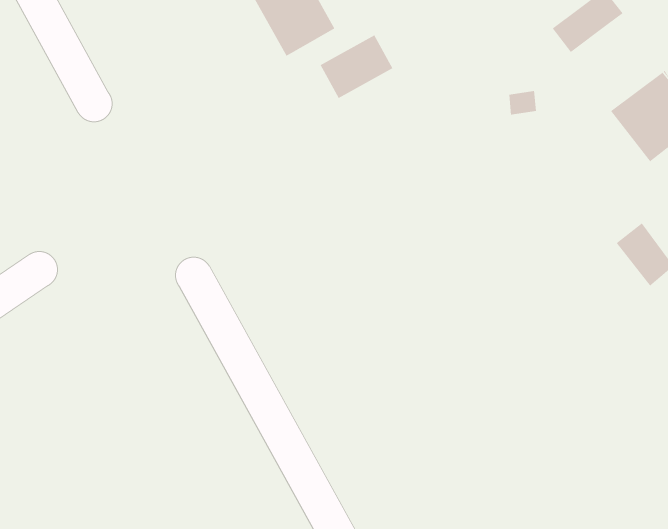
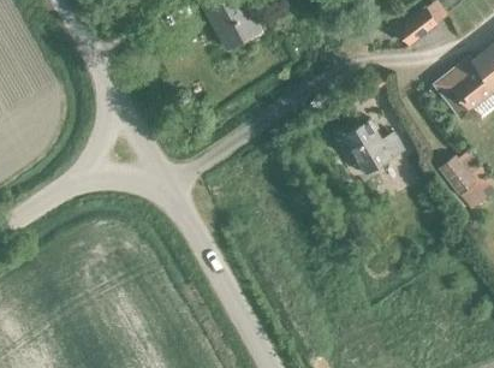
building: [320,35,393,99] -> none
building: none -> [344,121,404,173]

